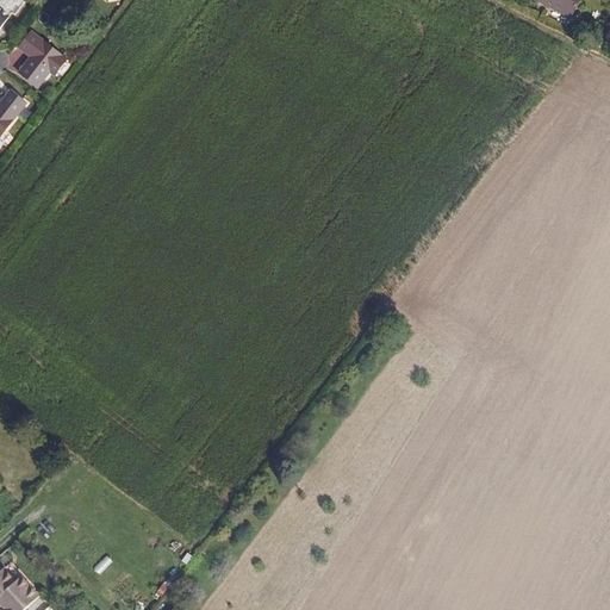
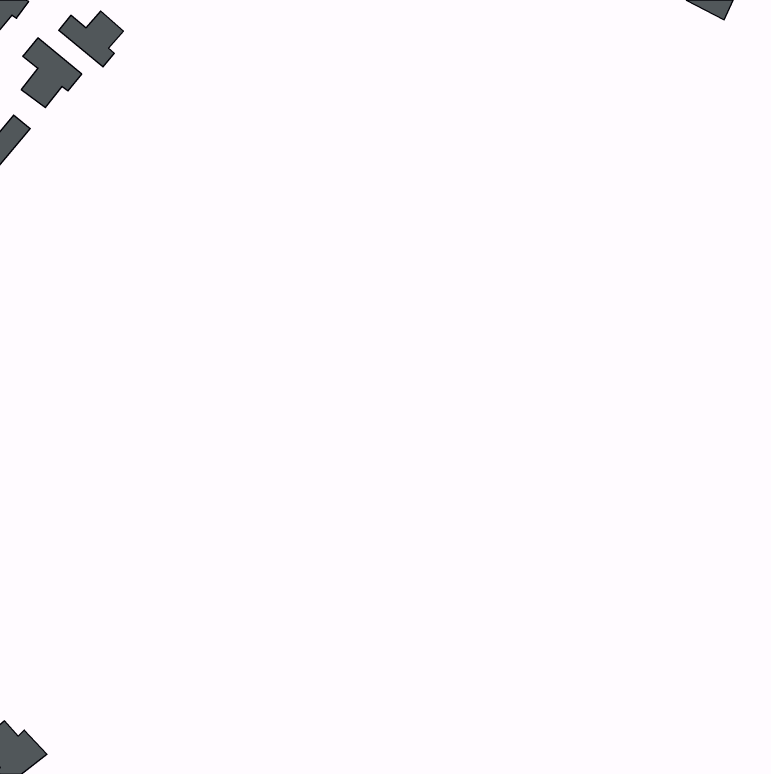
building: none -> [59,11,123,67]

